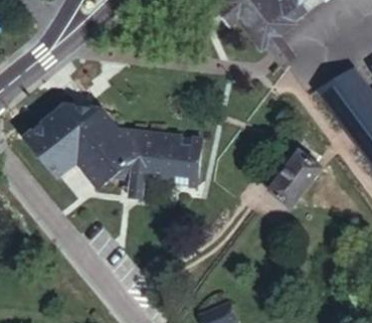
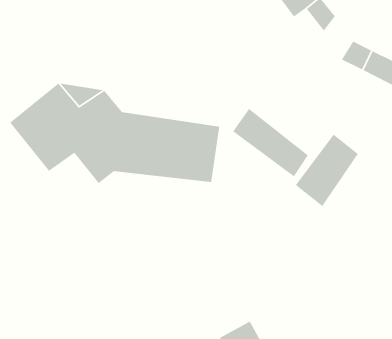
building: none -> [232,108,309,178]

